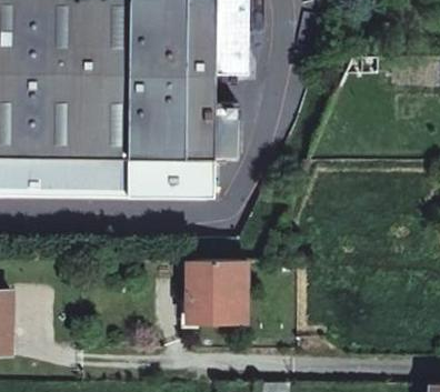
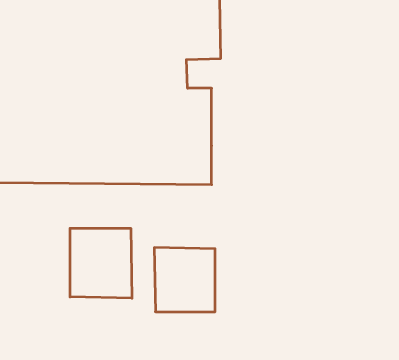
building: none -> [70,228,132,298]

